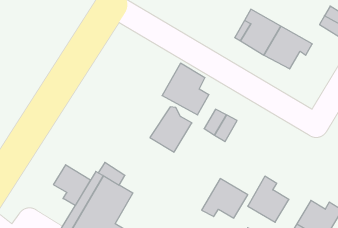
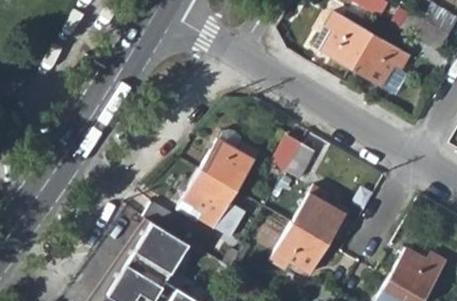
building: [162,63,209,115] -> [185,173,243,237]
building: [54,165,91,205] -> none
building: [248,176,289,222] -> [295,187,346,244]

